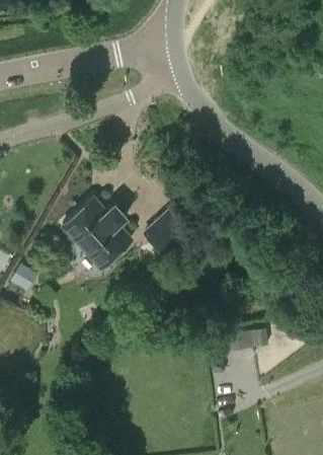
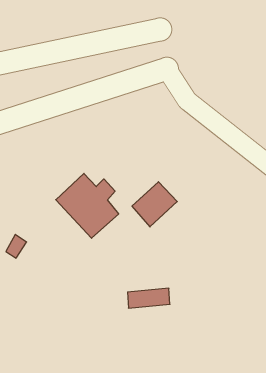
building: [222,327,267,349] -> [128,288,170,308]

